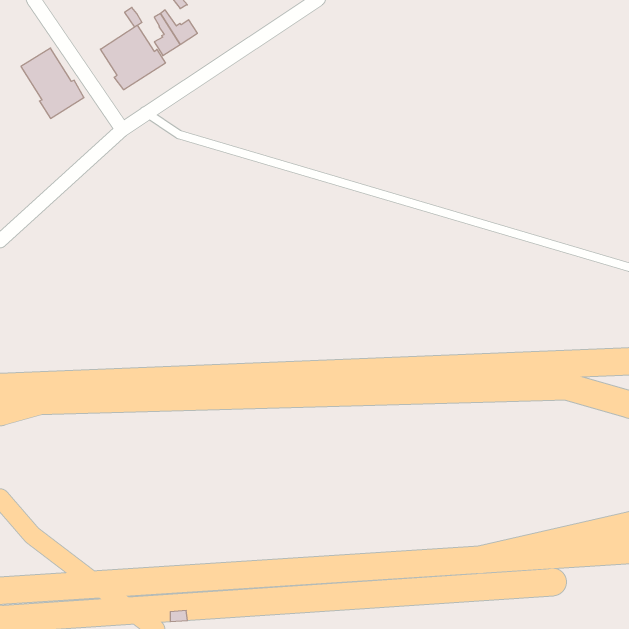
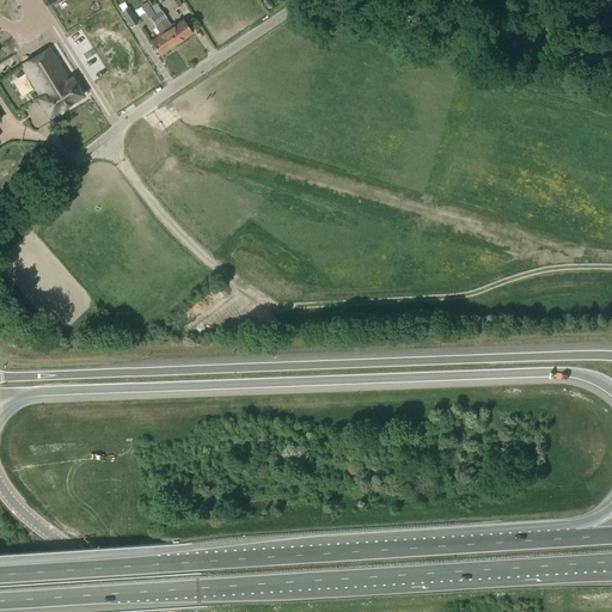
building: [100,25,165,90] -> none

